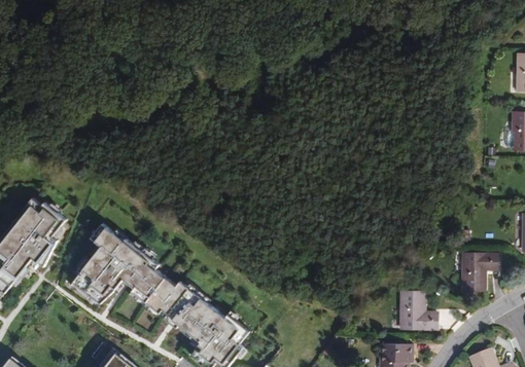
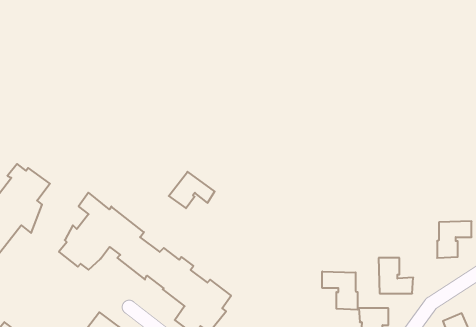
building: none -> [169,172,215,208]
building: none -> [322,271,358,310]

